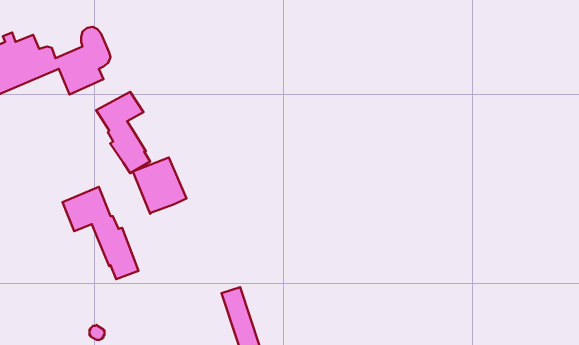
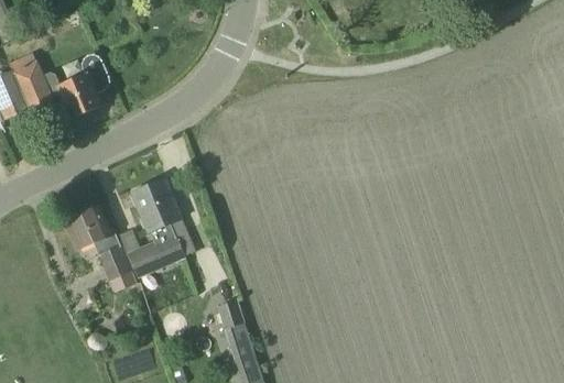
building: [96,92,150,173] -> none
building: none -> [130,221,185,275]

